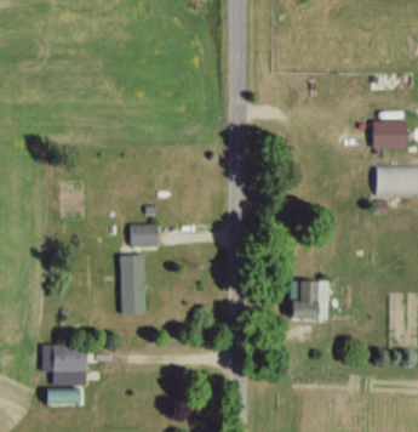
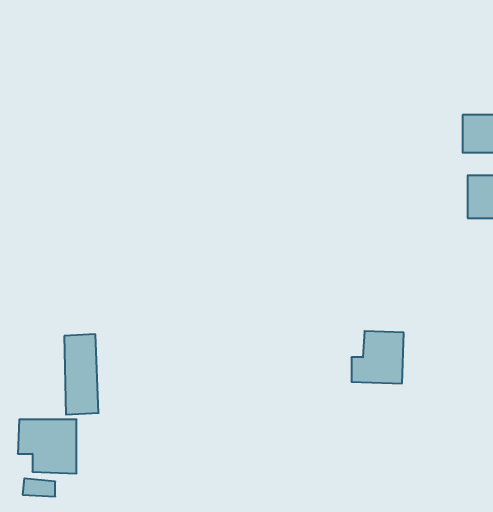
building: [131,224,158,246] -> none
building: [120,255,145,314] -> [64,334,99,415]

